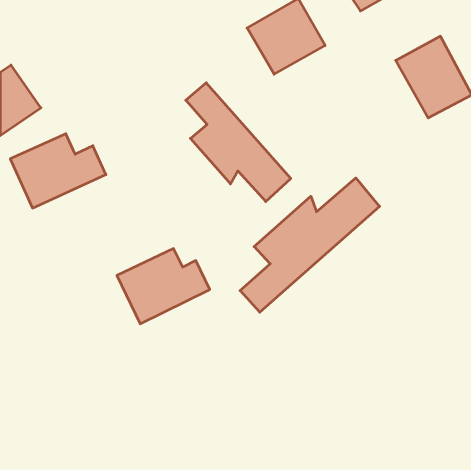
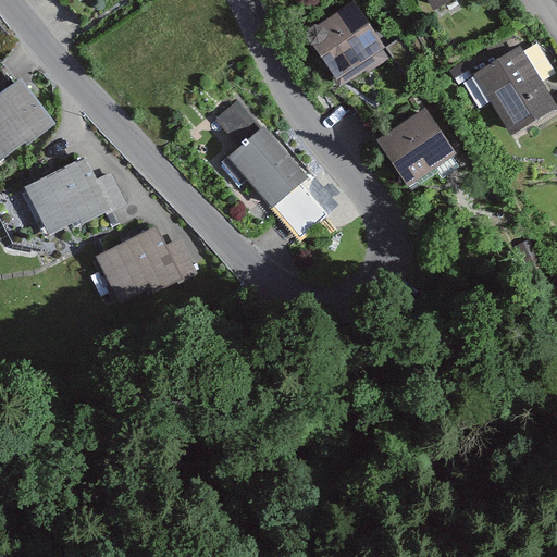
building: none -> [367,107,456,193]
building: [240,178,380,312] -> none
building: [117,249,210,324] -> [90,222,199,310]

